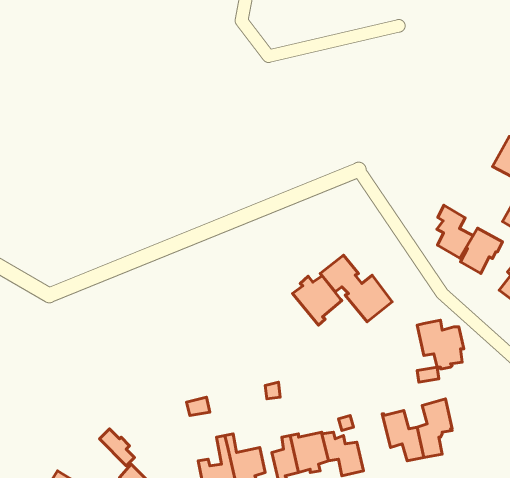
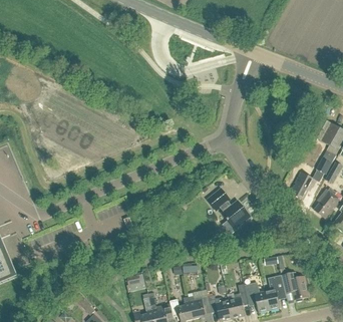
building: [437,205,473,258] -> none
building: [293,276,342,325] -> none
building: [417,320,464,369] -> [281,270,309,299]
building: none -> [228,282,248,316]

